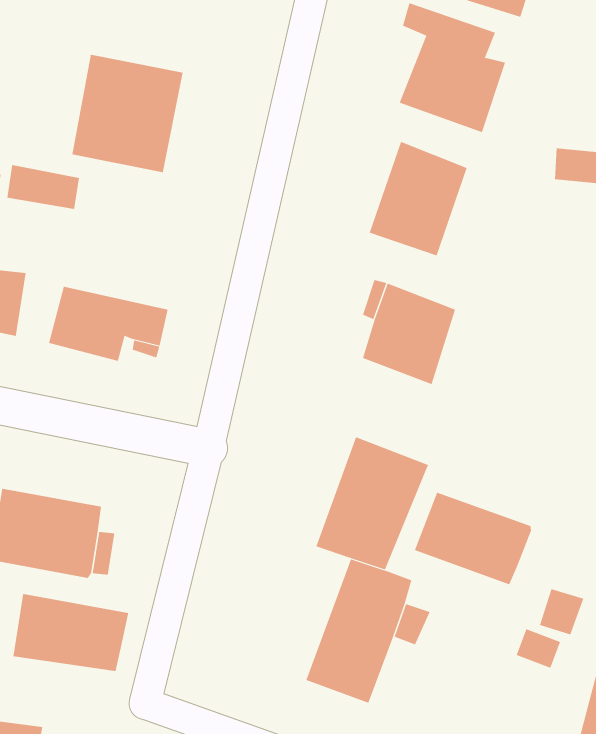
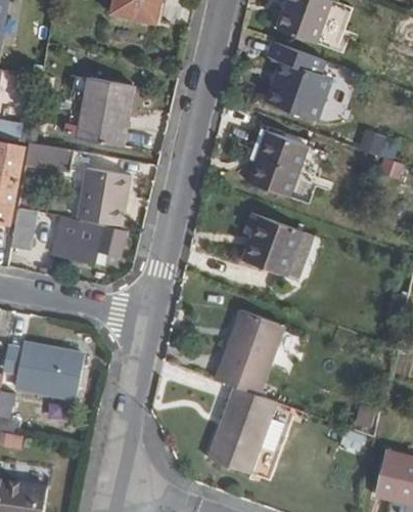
building: none -> [81,166,132,226]
building: [414,492,532,585] -> none
building: [13,593,129,672] -> none

